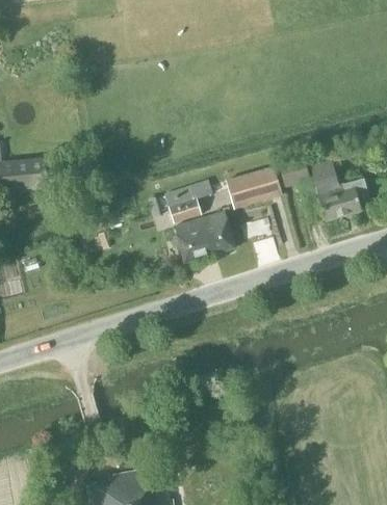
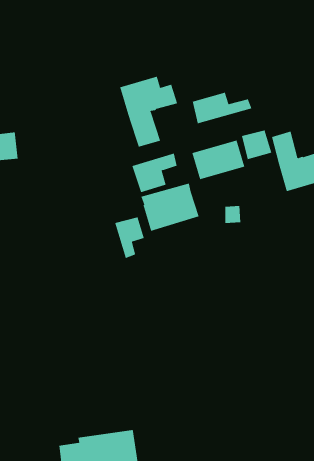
building: none -> [119,76,178,148]
building: none -> [192,92,252,124]
building: none -> [115,216,144,259]

